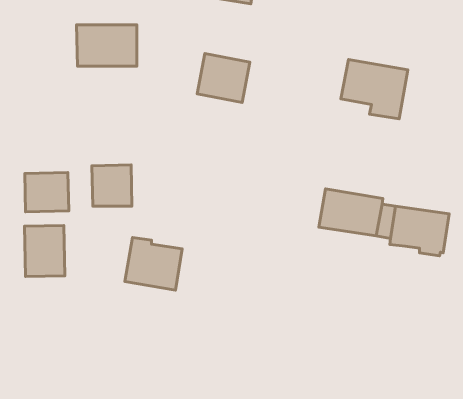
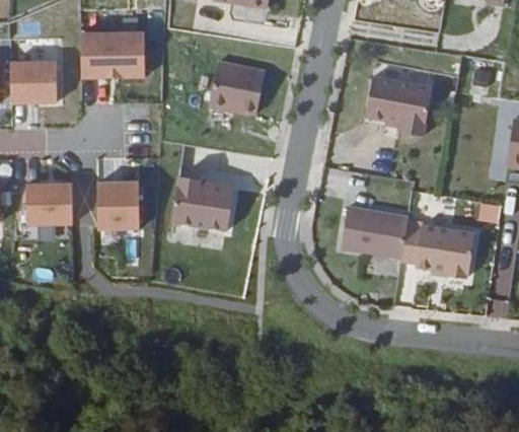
building: none -> [11,63,57,103]
building: [24,225,65,277] -> none
building: [125,237,182,290] -> [170,172,231,228]

